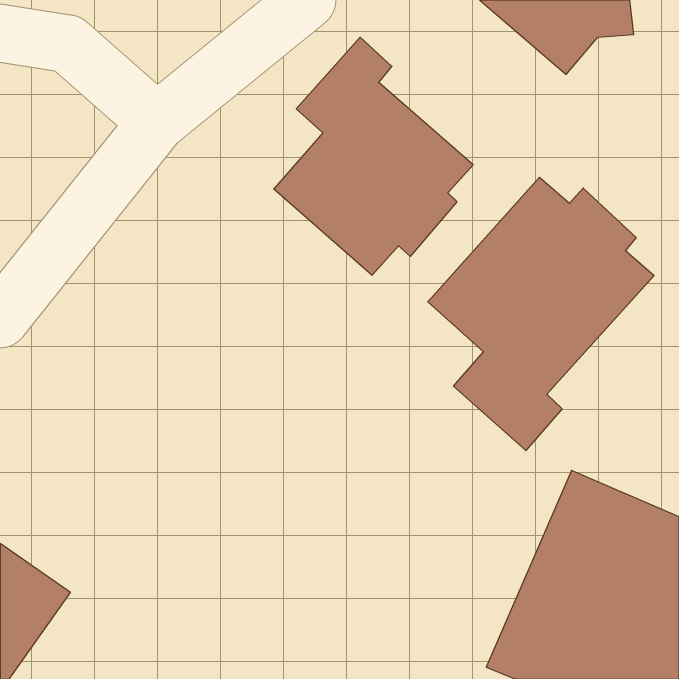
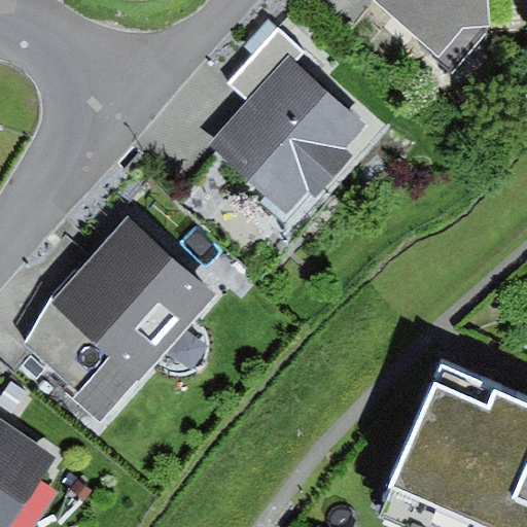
building: [428,177,654,451] -> none
building: none -> [26,218,216,422]

